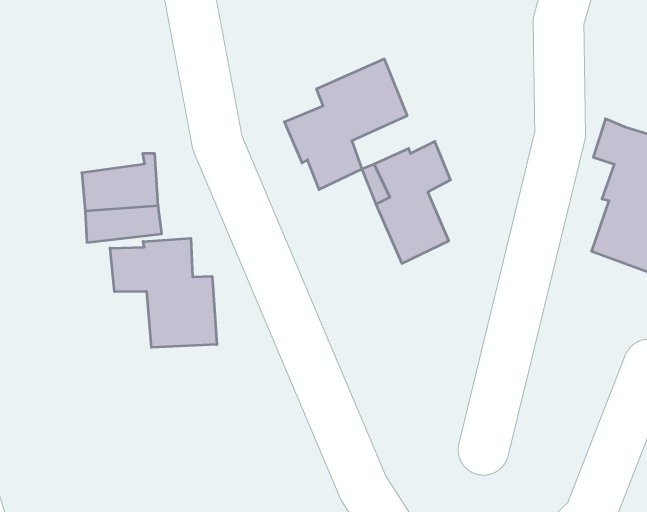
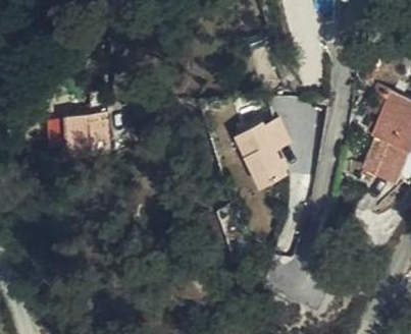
building: [284,59,407,190] -> none
building: [110,238,217,347] -> none

